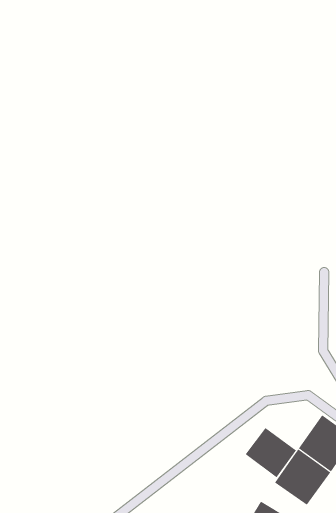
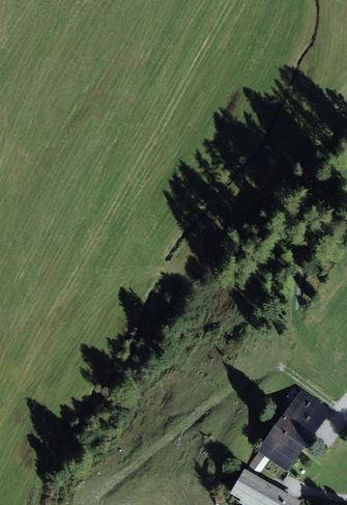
building: [245,427,297,478] -> none

